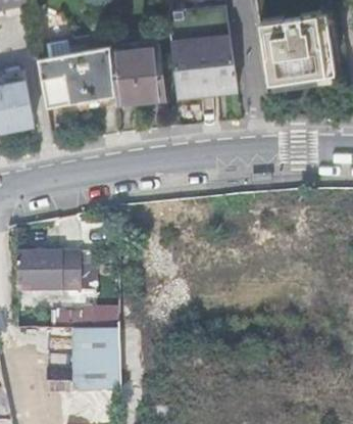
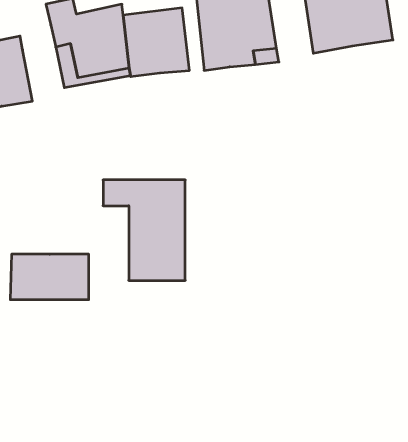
building: [53,304,121,388] -> [103,180,185,280]

